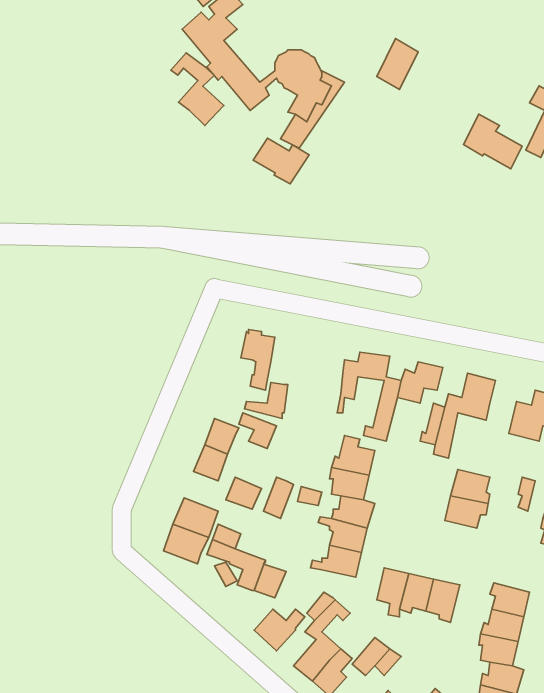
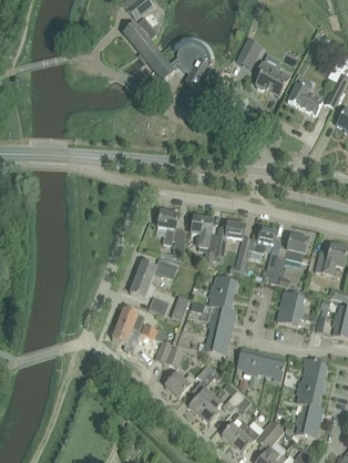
building: [171,53,224,125] -> none
building: none -> [255,60,290,95]
building: [253,138,309,184] -> none
building: none -> [191,216,216,267]

